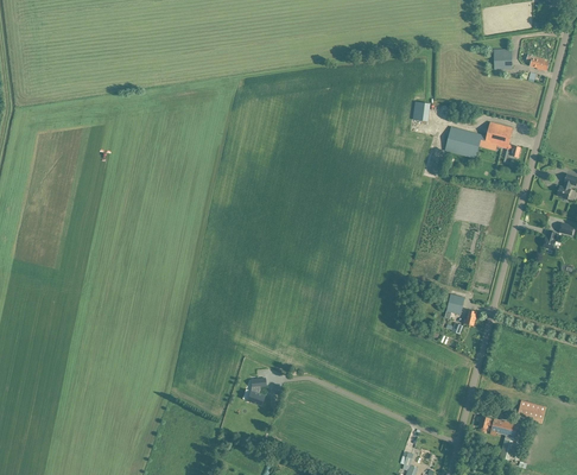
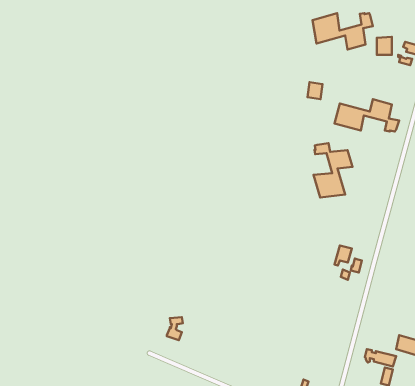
building: none -> [312,13,373,49]
building: none -> [314,143,352,197]

